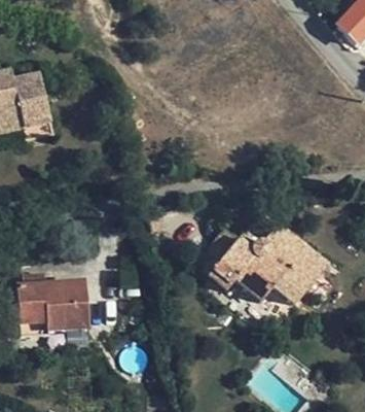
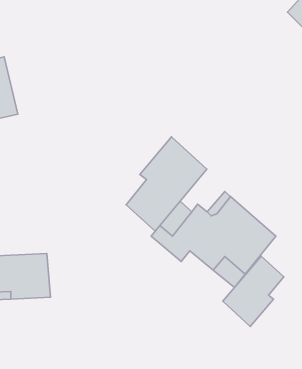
building: none -> [126,137,207,231]
building: none -> [223,256,284,327]

